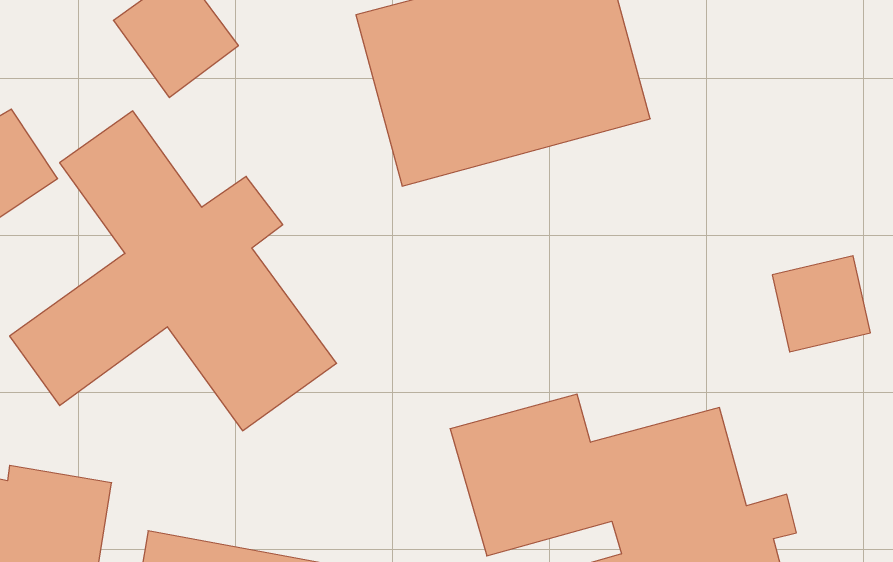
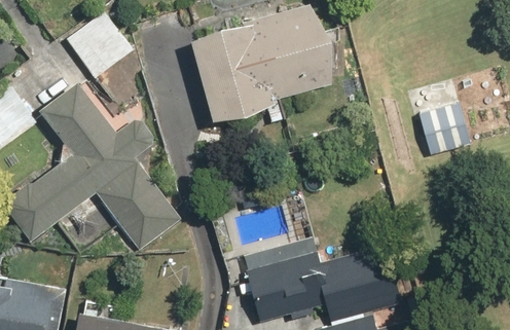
building: [772,256,870,352] -> [410,107,463,158]

